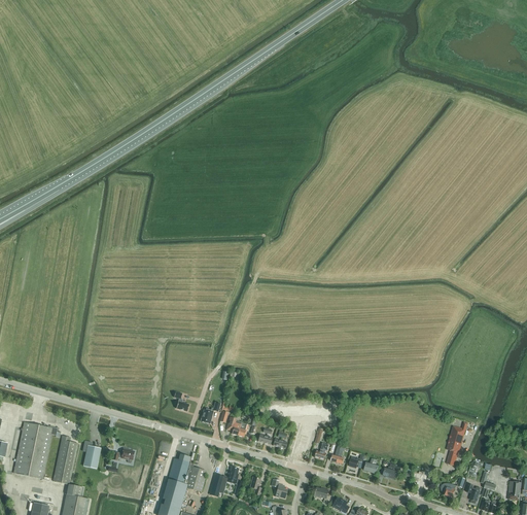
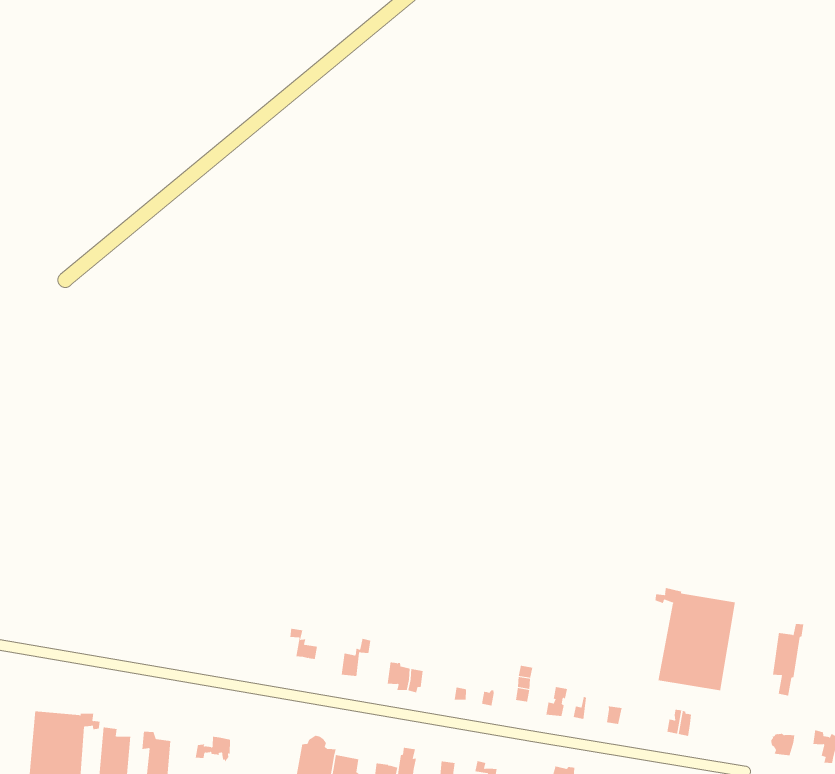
building: none -> [655,587,735,691]

